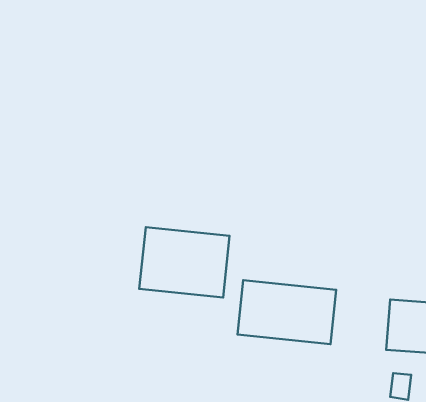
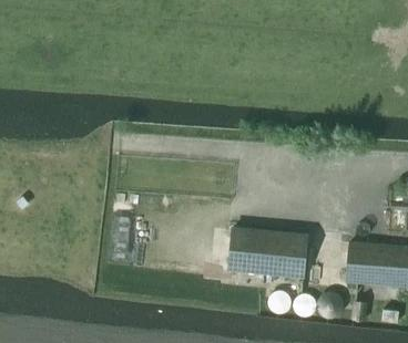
building: [139,227,230,297] -> none

